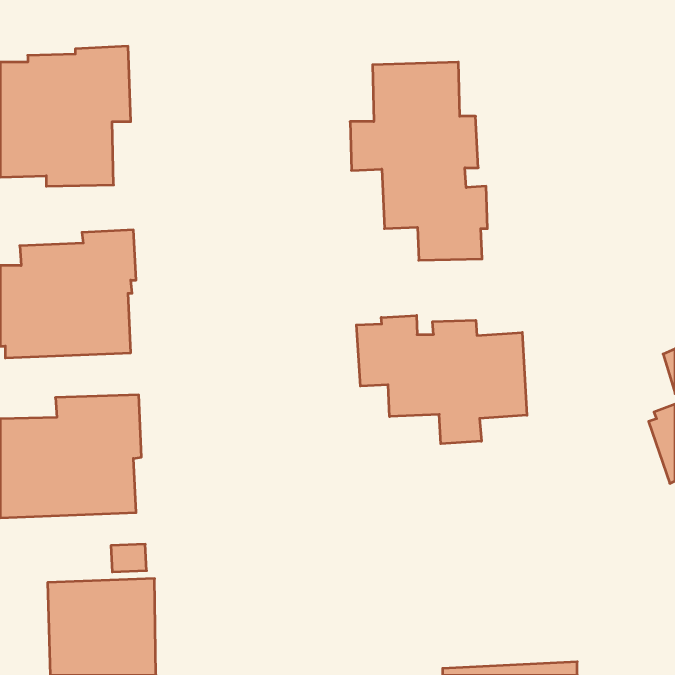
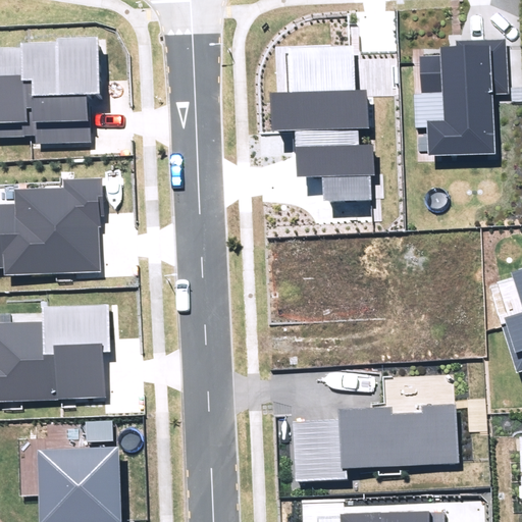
building: none -> [412,39,509,157]
building: [356,315,527,444] -> none
building: none -> [292,404,459,482]

